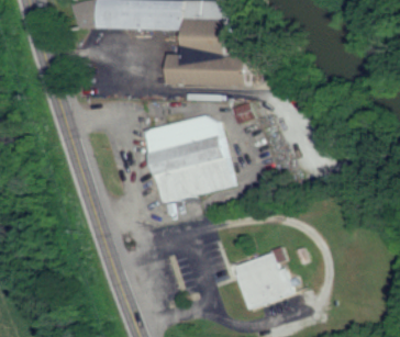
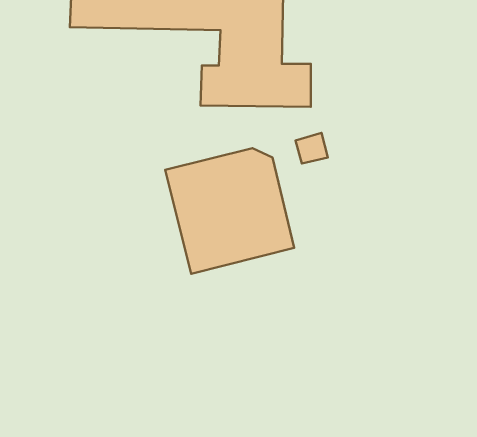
building: [233,255,292,310] -> none

